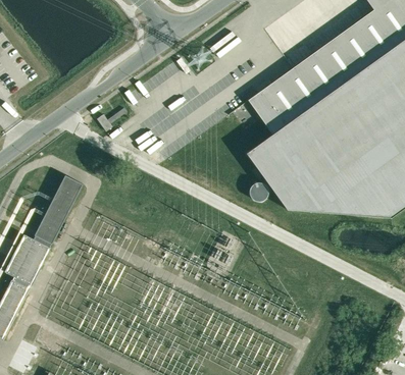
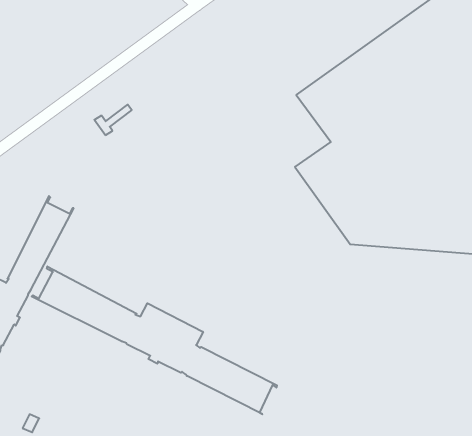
building: none -> [32,266,277,414]

